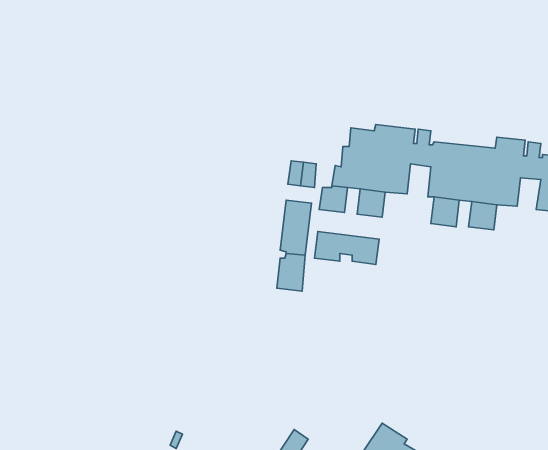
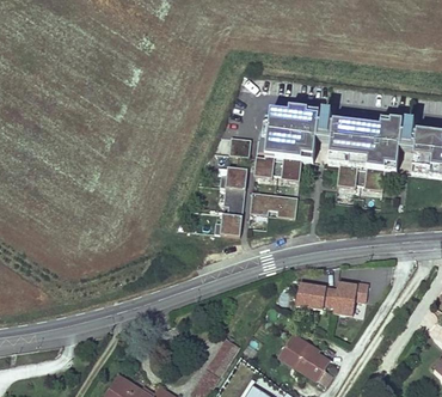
building: none -> [297,281,369,313]

